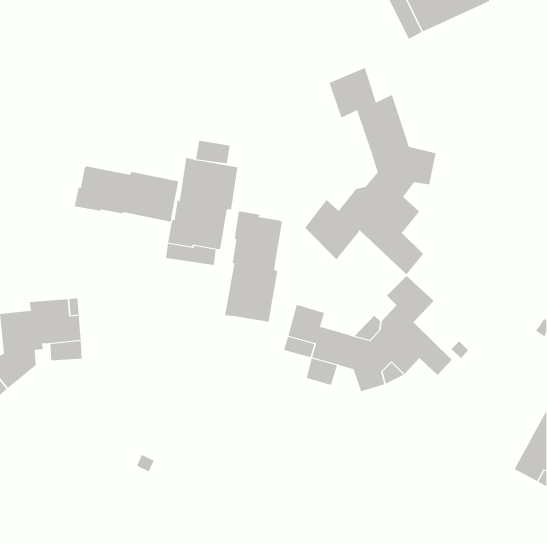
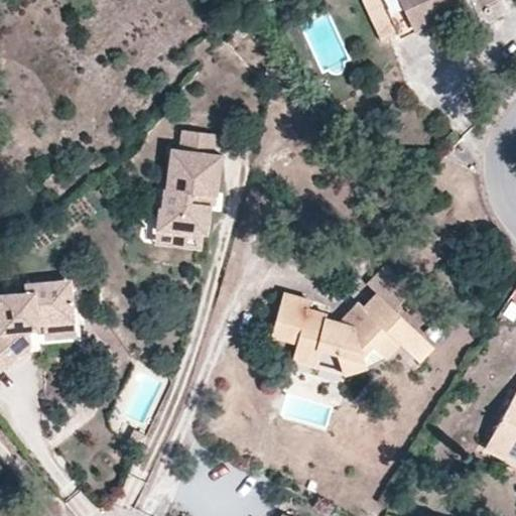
building: [304,67,436,275] -> none
building: [74,165,179,223] -> none
building: [225,210,283,323] -> none

